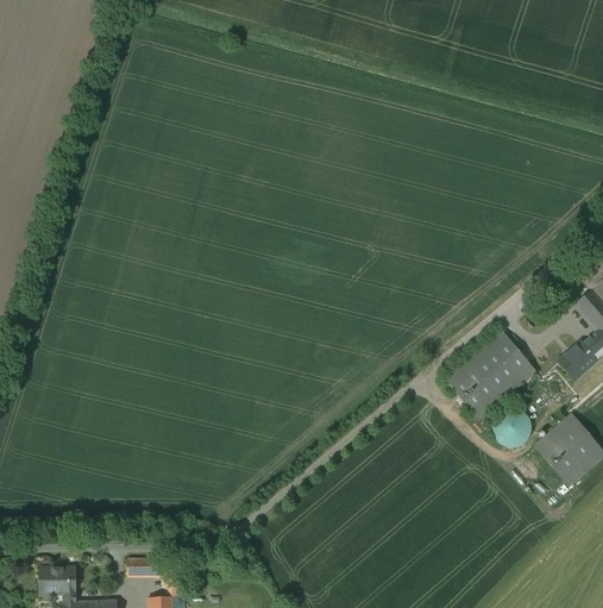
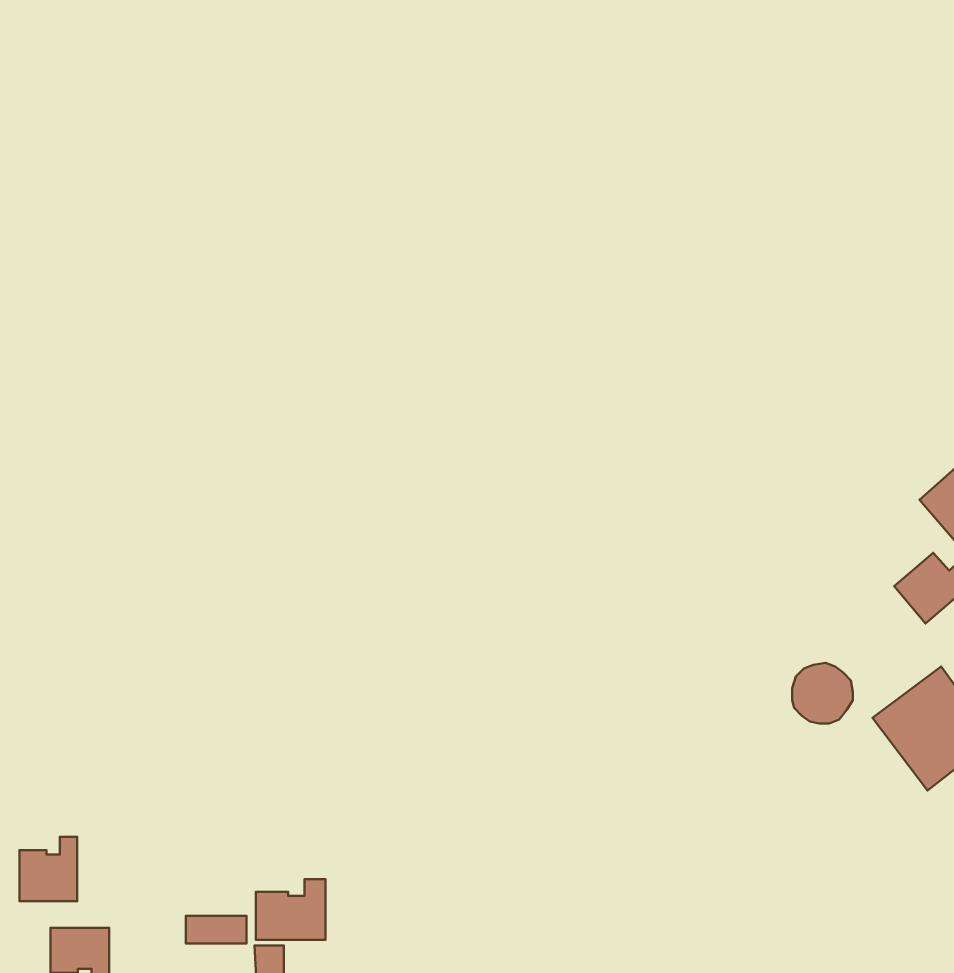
building: [446,332,533,418] -> none
building: none -> [20,837,77,901]
building: none -> [256,879,325,940]

